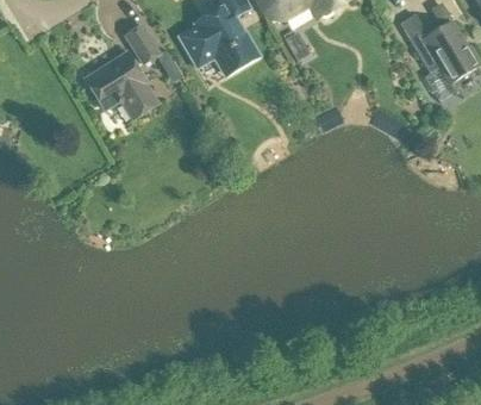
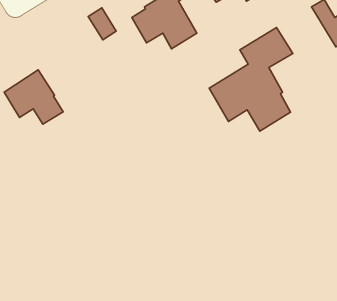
building: none -> [209,27,293,131]
building: [86,51,158,118] -> [4,70,63,124]

